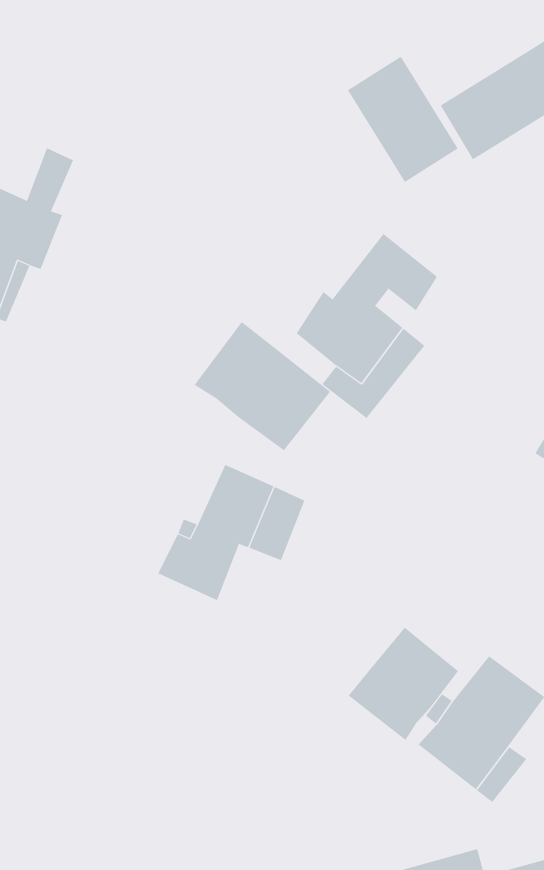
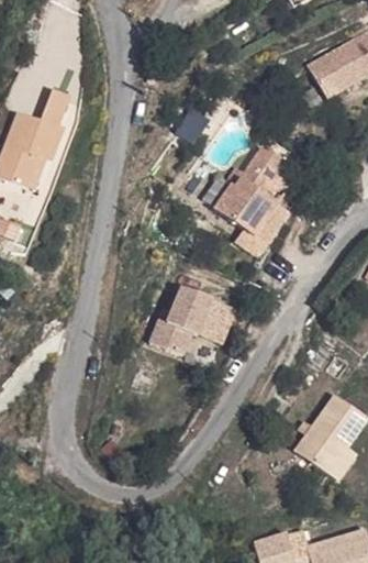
building: [347,56,458,183] -> none
building: [194,321,331,451] -> none
building: [348,627,459,741] -> none

